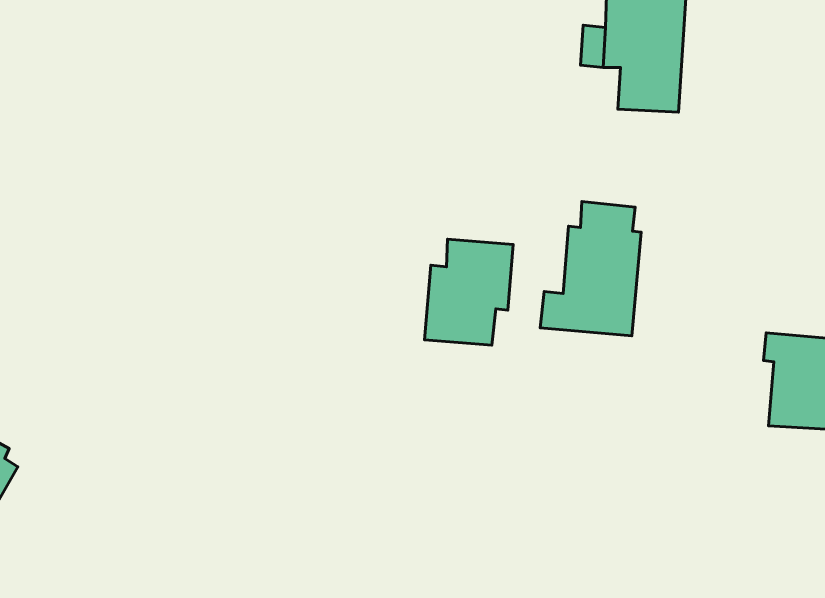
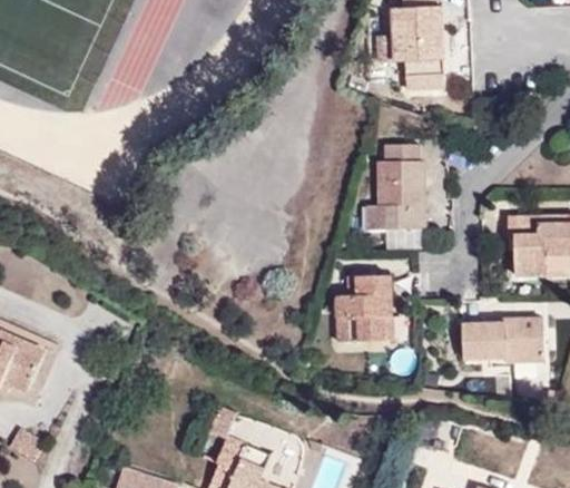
building: [425,239,513,345] -> [342,274,394,341]
building: none -> [462,316,543,362]

